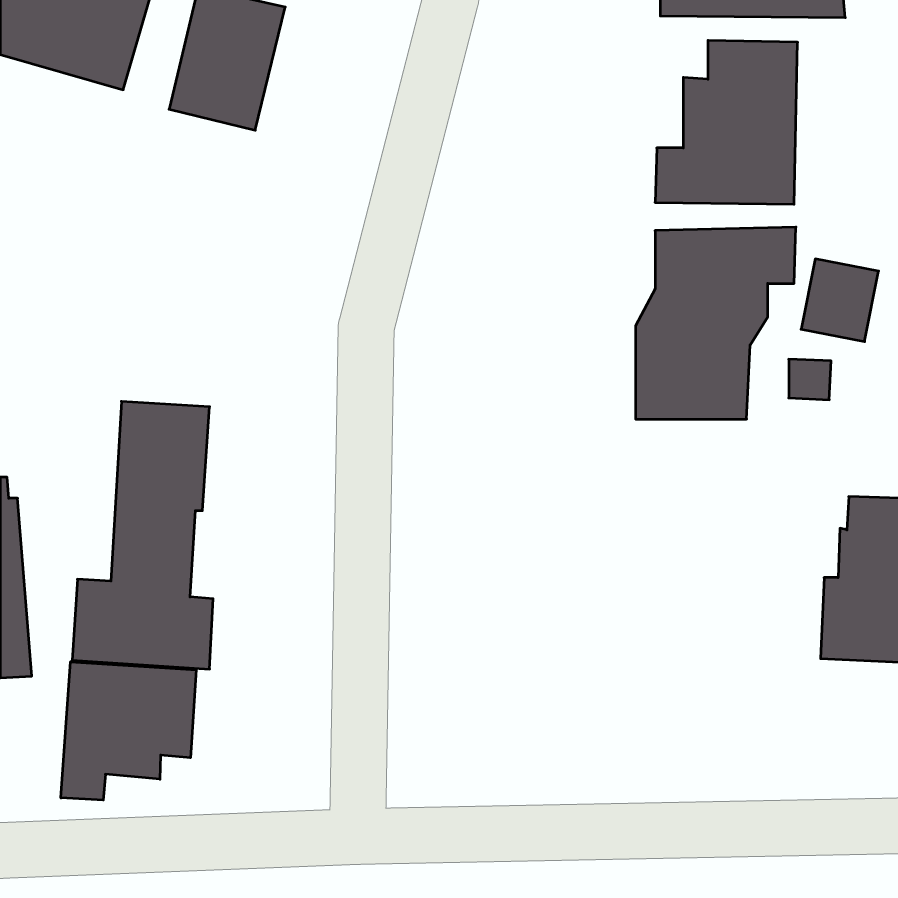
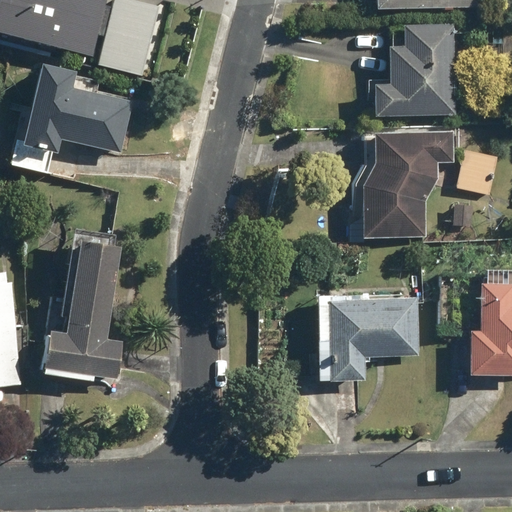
building: none -> [22,63,133,155]
building: none -> [315,294,417,382]
building: [61,662,196,800] -> none

